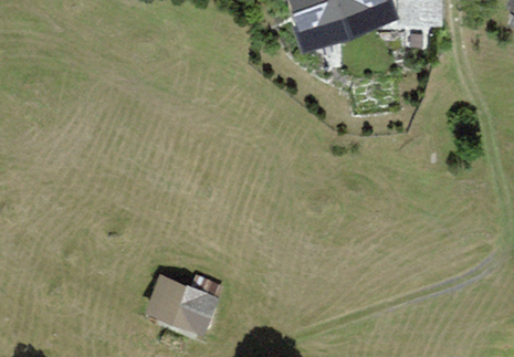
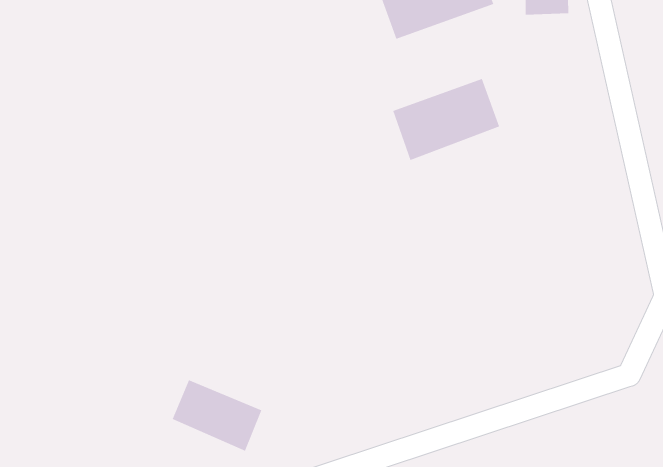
building: none -> [392,78,500,161]

